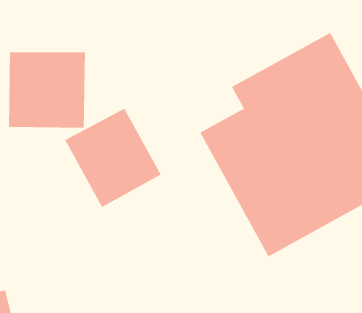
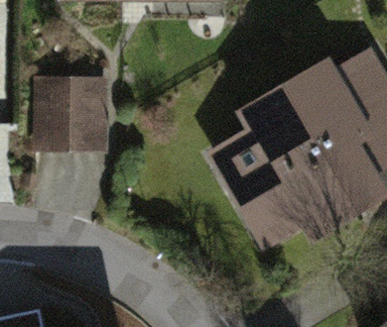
building: [64,108,161,208] -> none

